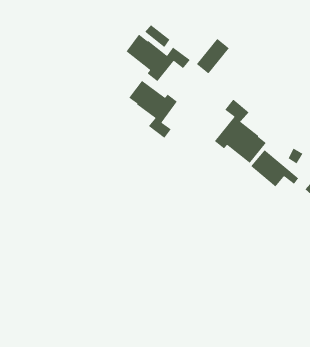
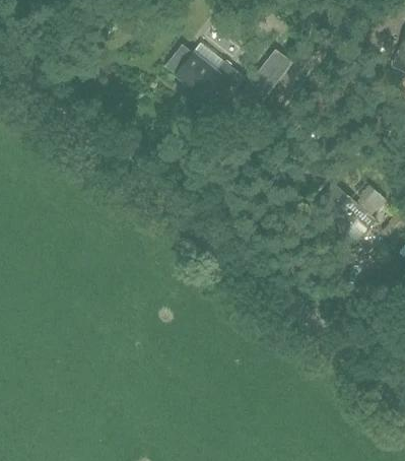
building: [128,80,178,139] -> none
building: [214,99,267,164] -> none

